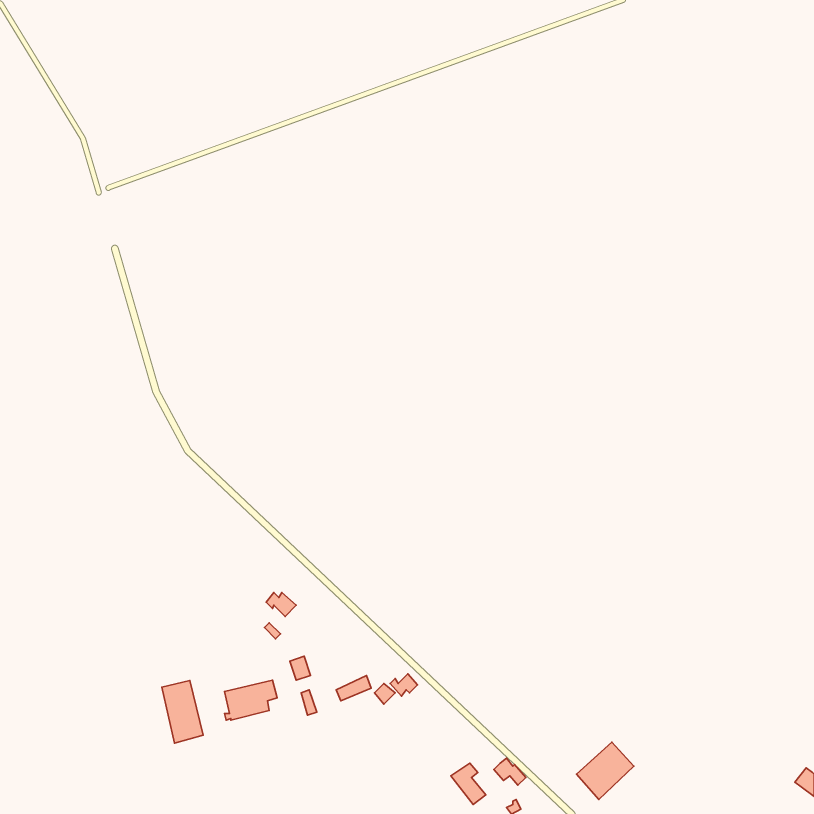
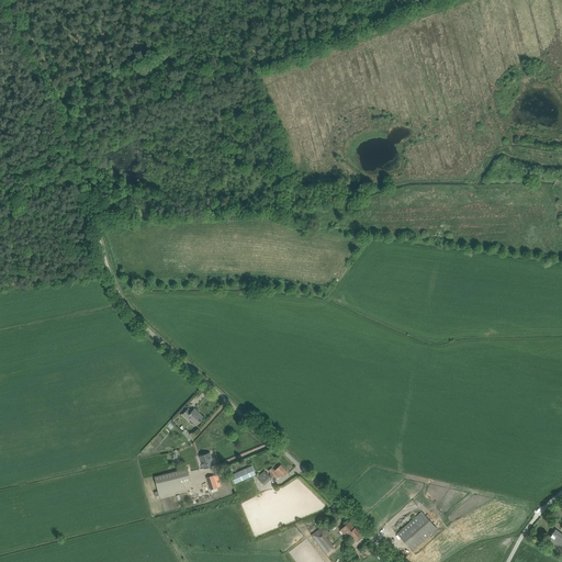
building: [162,681,203,743] -> none

